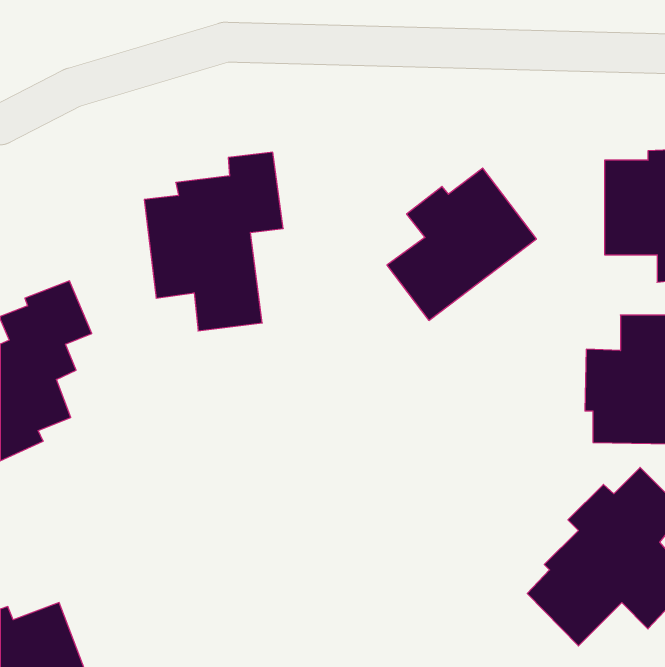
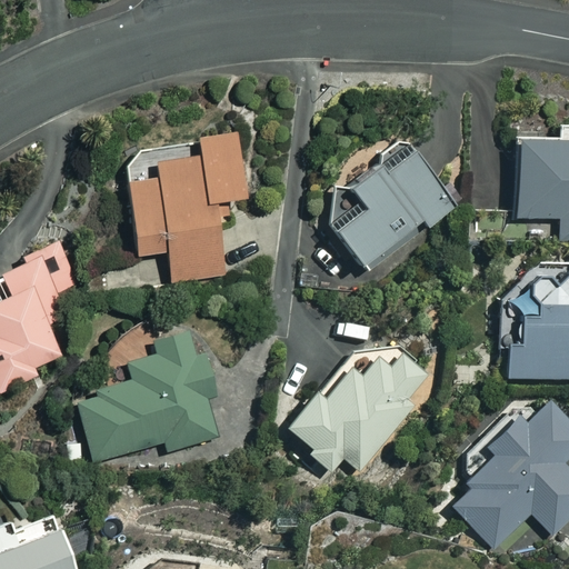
building: none -> [77,328,222,463]
building: none -> [286,351,427,475]

